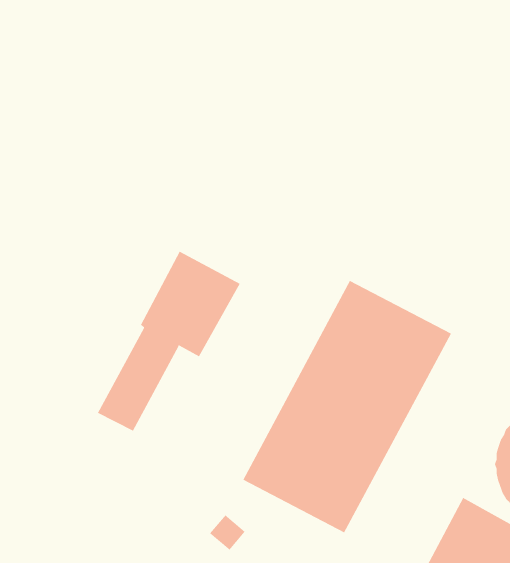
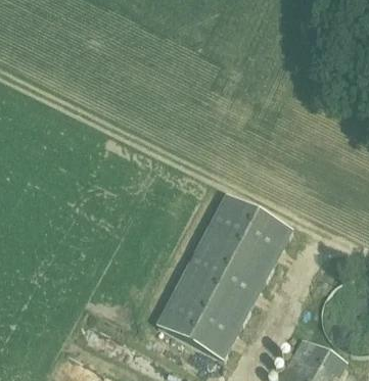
building: [97,251,240,432] -> none

